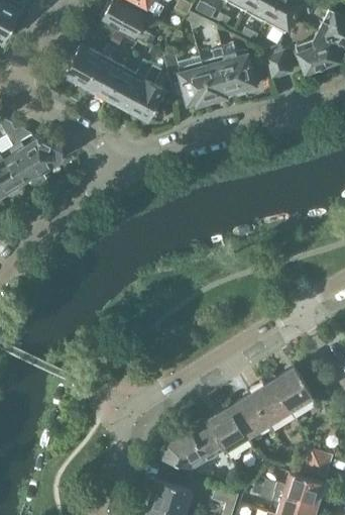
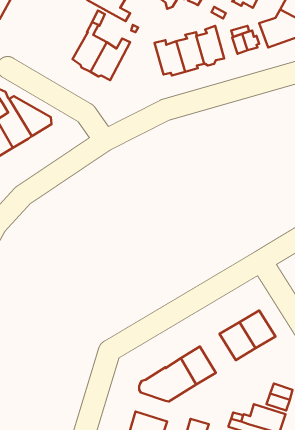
building: [65,33,103,87] -> none
building: [128,68,170,122] -> none
building: [228,394,268,437] -> none

